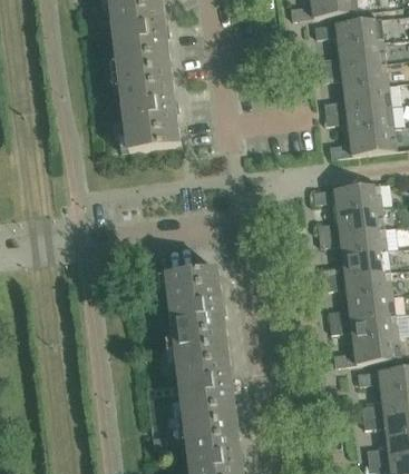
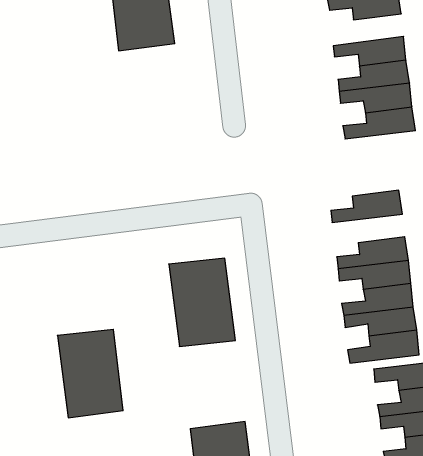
building: [318,40,384,70] -> none
building: [118,68,179,151] -> none
building: [312,182,380,210] -> none
building: [318,227,386,254] -> none
building: [175,345,236,427] -> [57,329,123,418]

